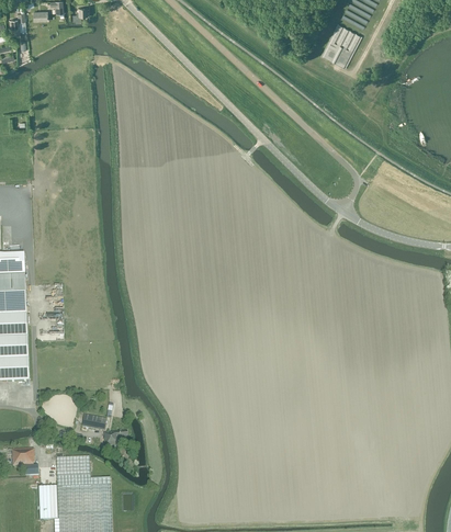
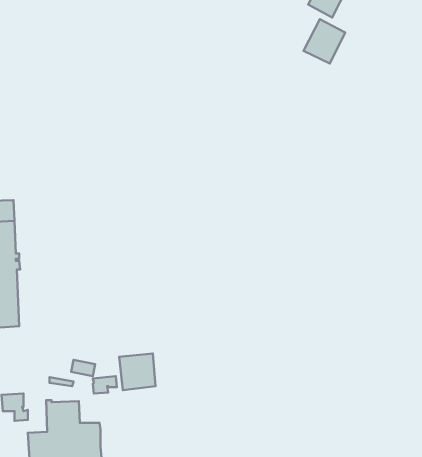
building: none -> [304,19,345,64]
building: none -> [119,354,155,390]

